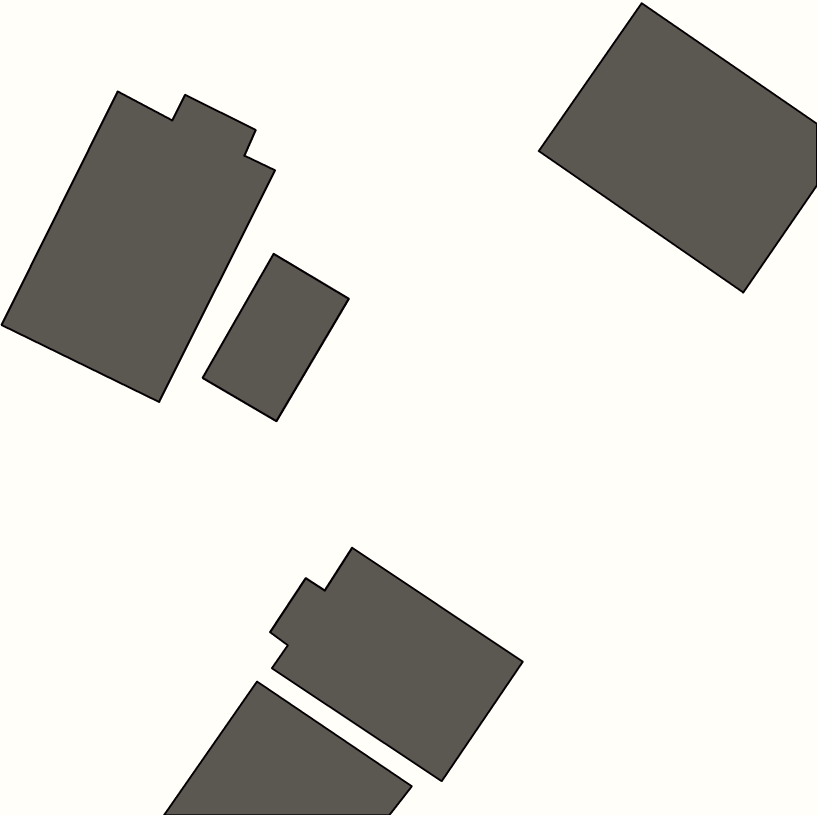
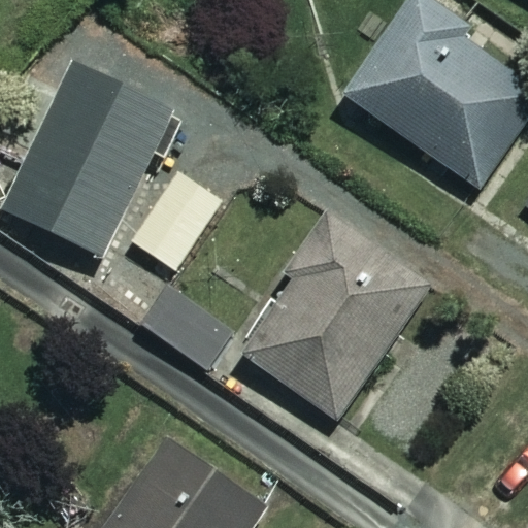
building: none -> [240,218,428,419]
building: [270,548,523,781] -> none

